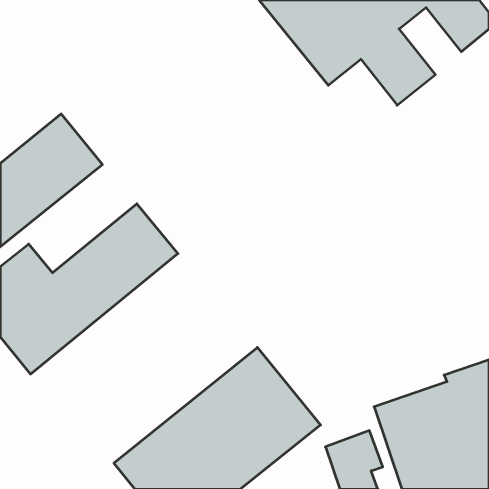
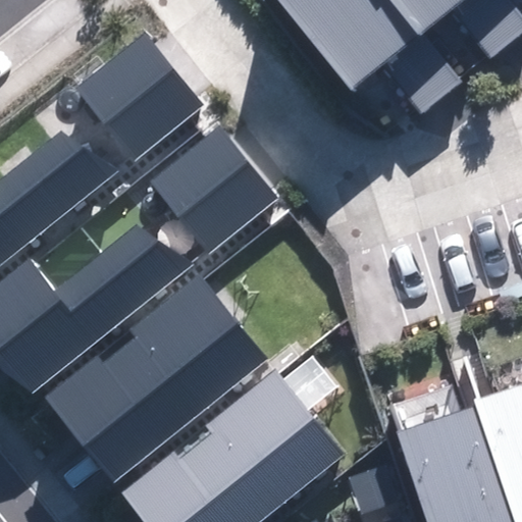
building: none -> [74,33,205,165]
building: none -> [152,127,282,259]
building: none -> [46,276,263,479]

